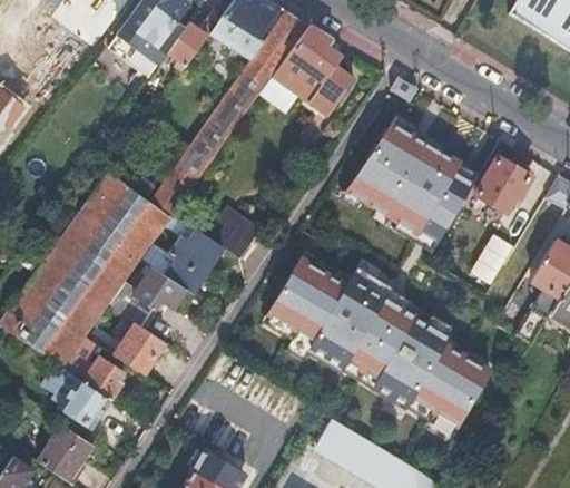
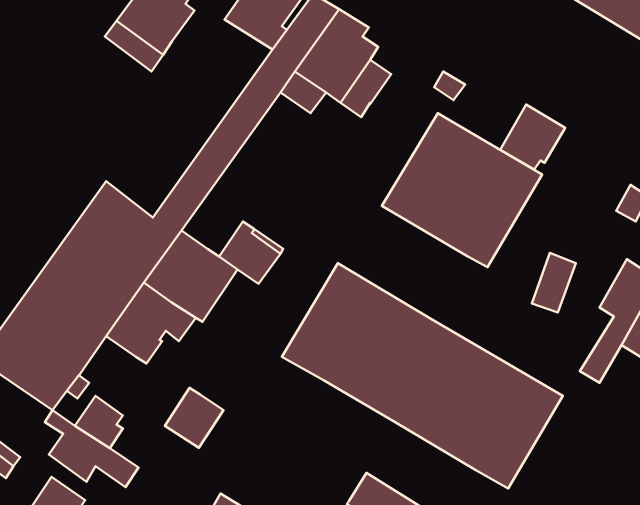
building: [167,22,210,71] -> none
building: [474,156,530,212] -> [500,104,565,169]
building: [115,322,165,373] -> [165,388,223,448]

